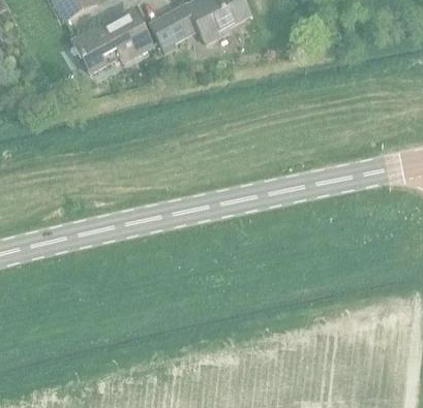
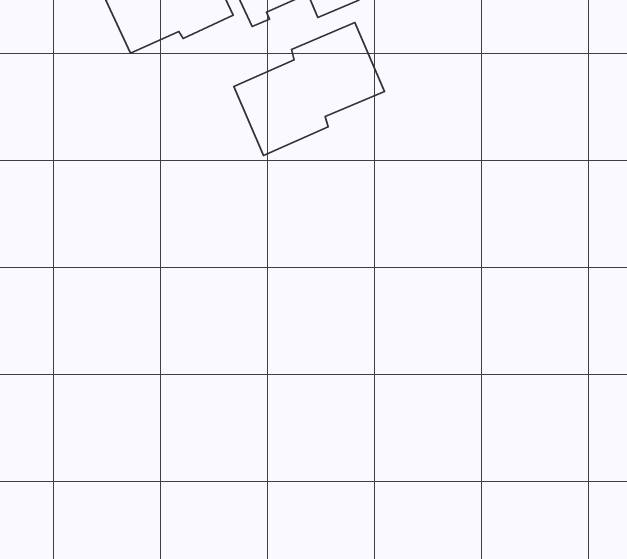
building: none -> [234,23,384,155]

